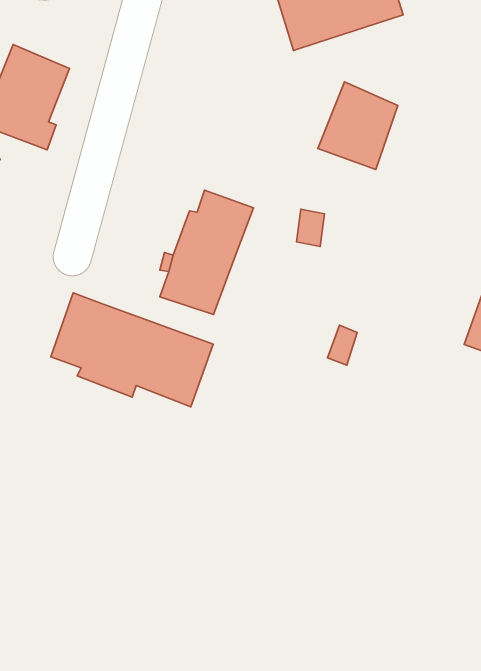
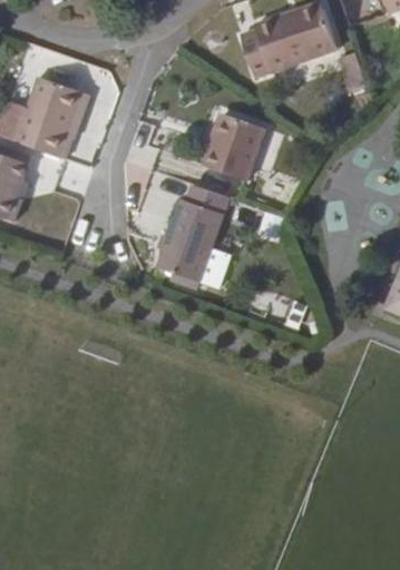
building: [318,82,398,169] -> [214,120,274,186]
building: [51,293,213,407] -> none

